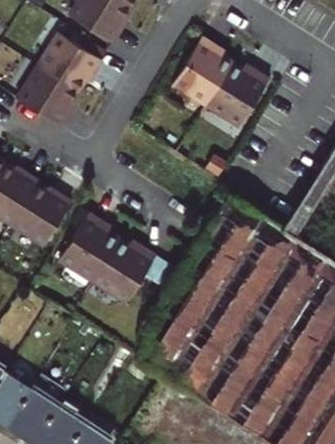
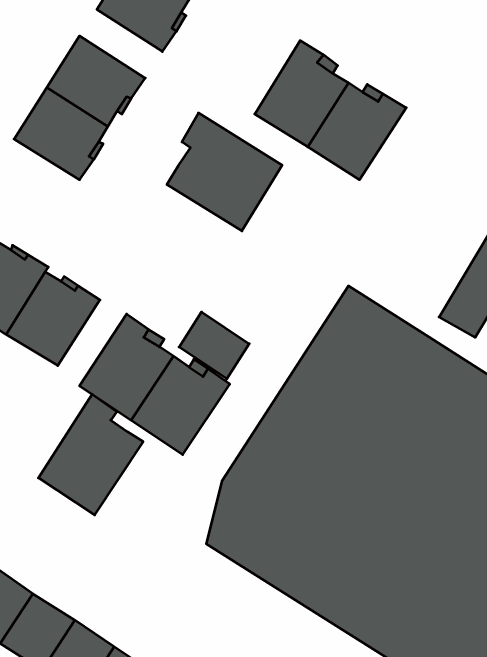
building: none -> [167,113,282,231]
building: none -> [179,312,249,379]
building: none -> [38,394,143,515]

